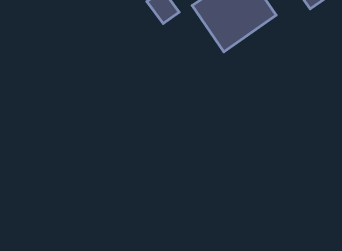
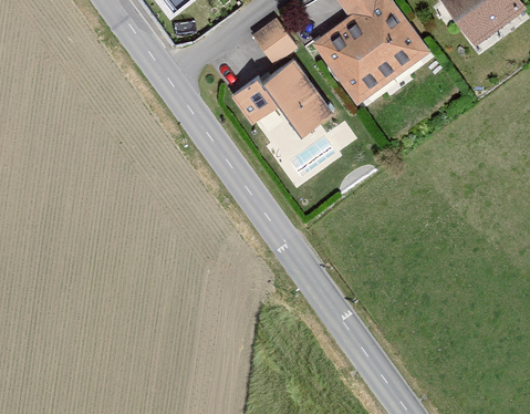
building: none -> [264,61,331,133]
building: none -> [232,81,276,124]

